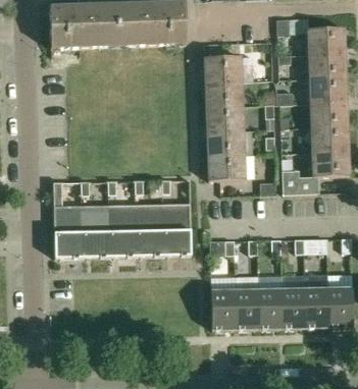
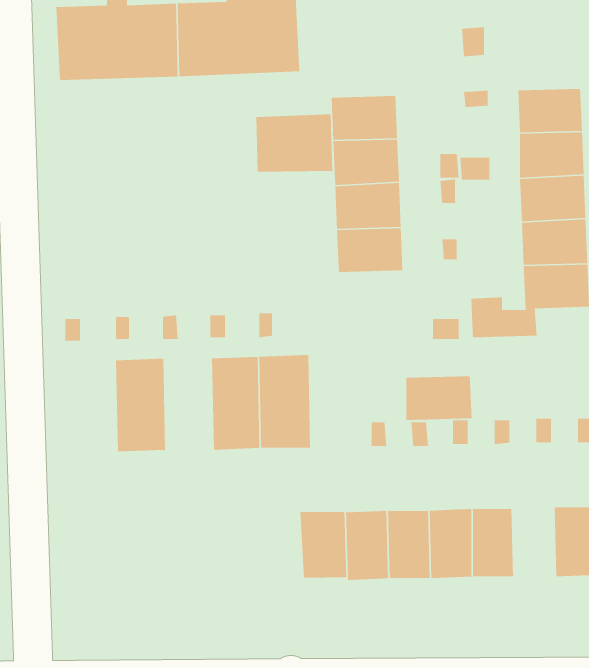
building: [307,27,344,53] -> none
building: none -> [255,113,333,172]
building: [207,155,245,180] -> [405,376,472,421]
building: [109,204,137,256] -> none
building: [54,205,83,258] -> none
building: [305,287,329,327] -> none
building: none -> [300,511,347,578]

